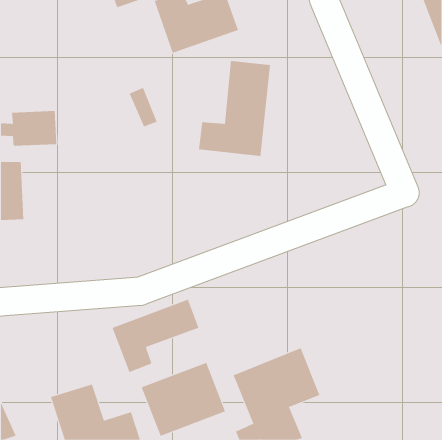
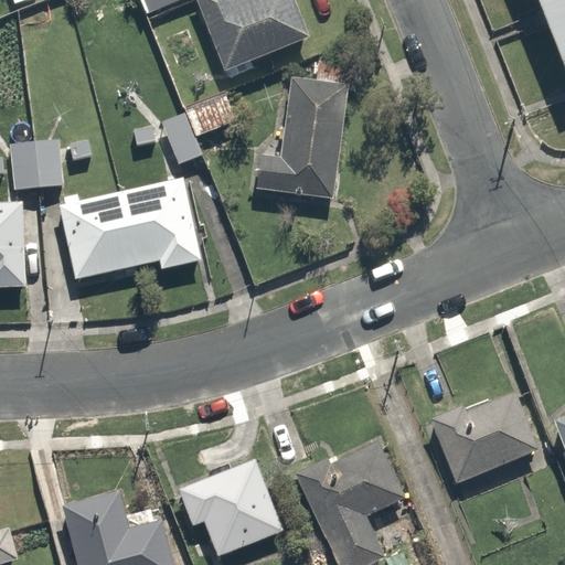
building: none -> [58,178,199,289]
building: [112,299,199,373] -> none
building: none -> [429,386,543,486]

